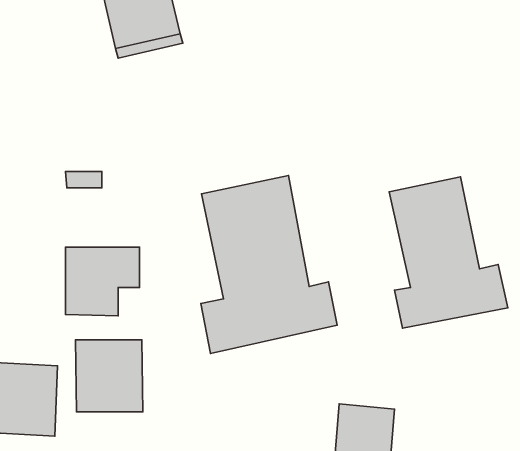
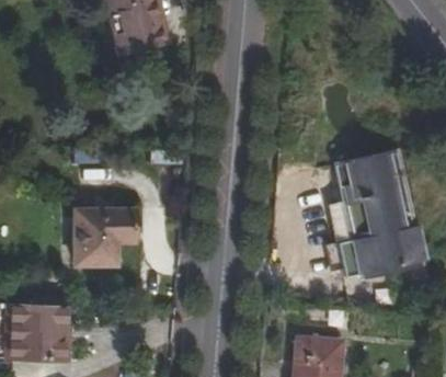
building: [201,176,337,353] -> none
building: [76,340,143,412] -> none

